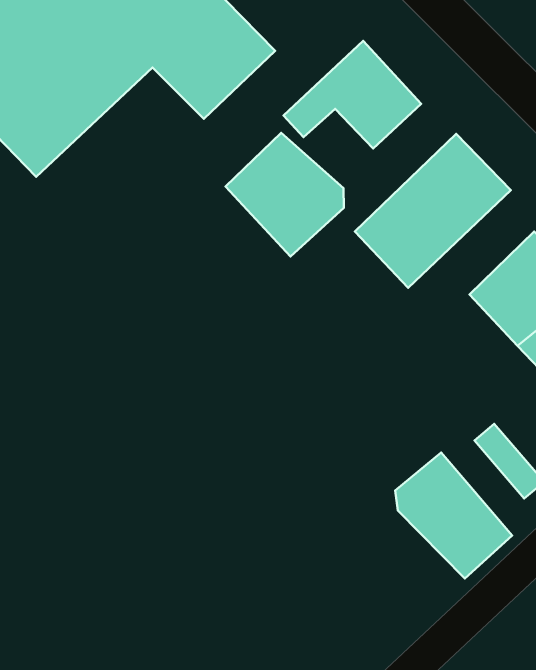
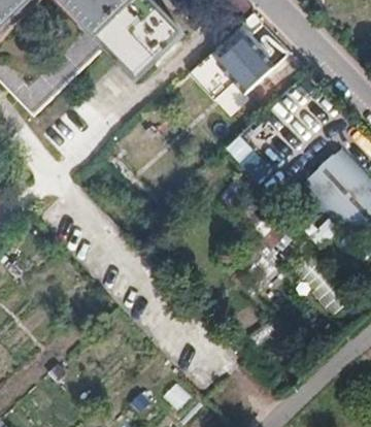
building: [225,133,344,256] -> none
building: [395,453,512,578] -> none

